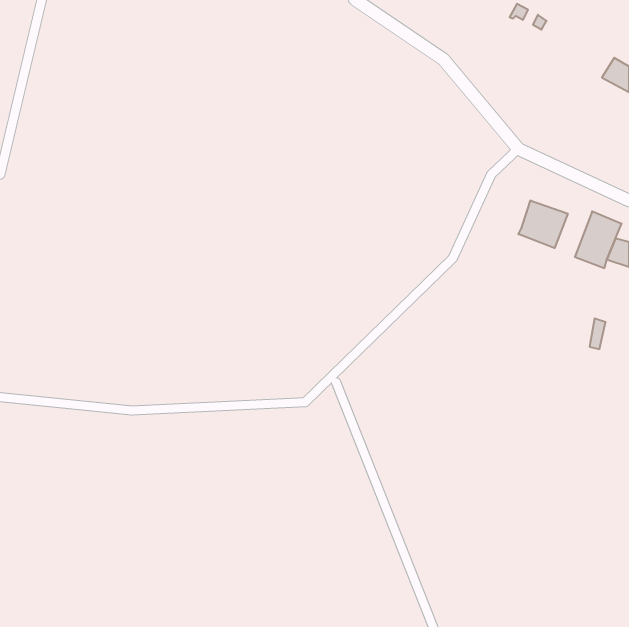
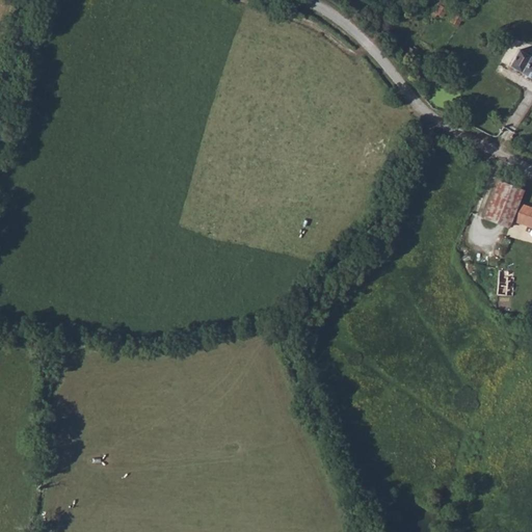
building: [518,200,568,248] -> none

